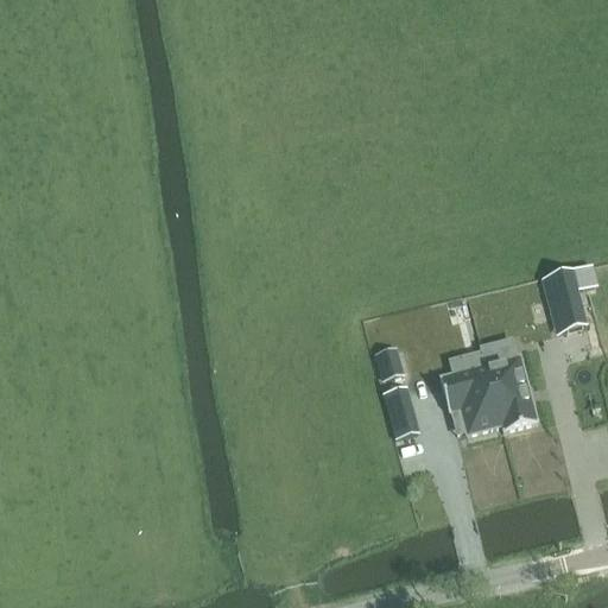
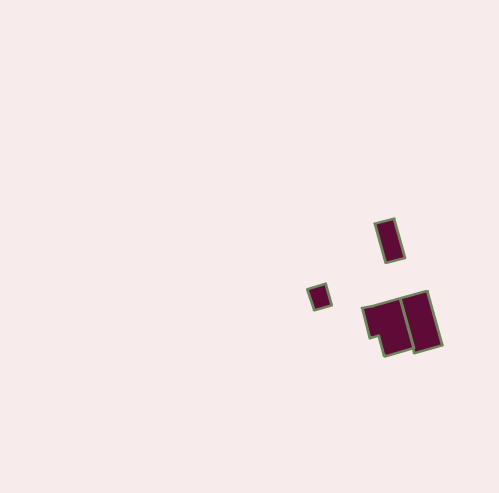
building: [549,276,585,329] -> [375,219,405,263]
building: [382,385,417,435] -> none

